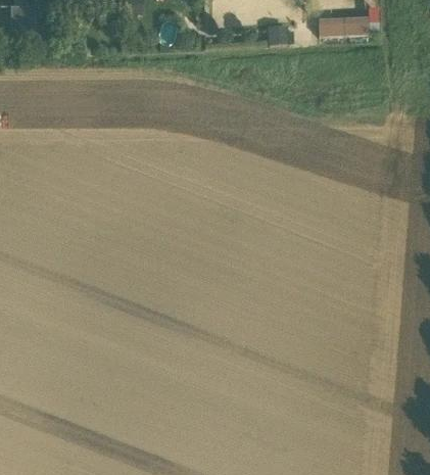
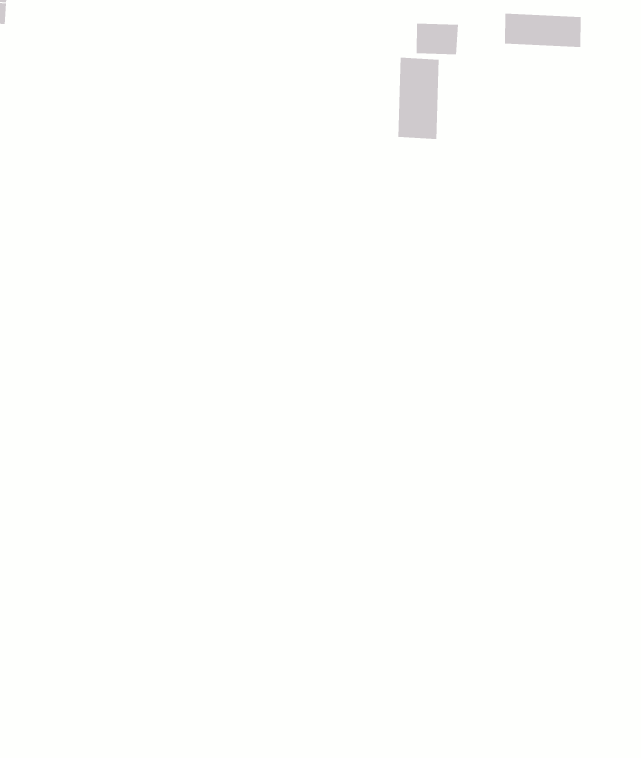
building: none -> [398,57,439,140]

